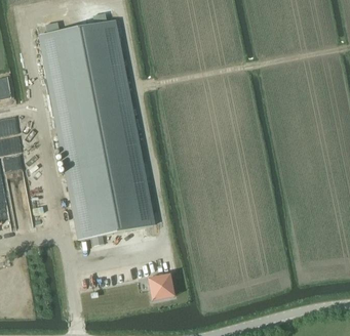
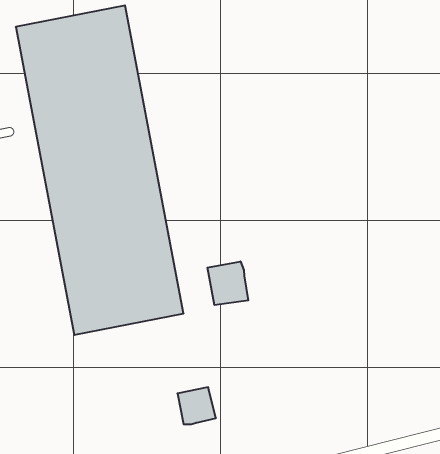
building: none -> [207,261,248,305]

